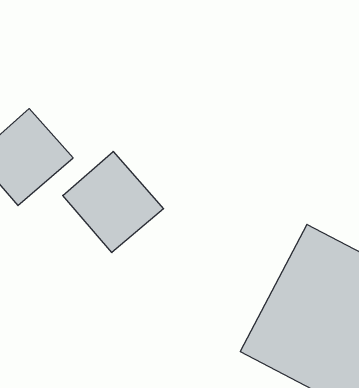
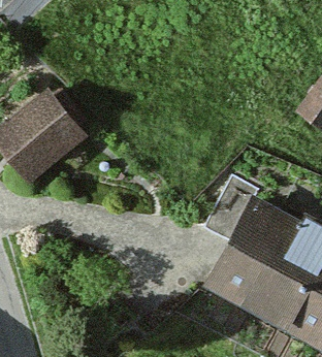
building: [63,151,164,253] -> none

